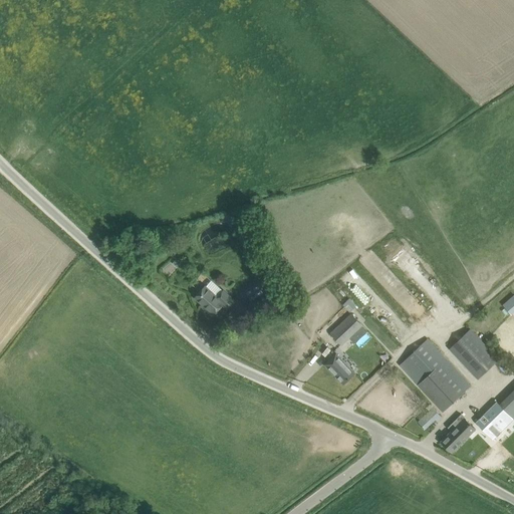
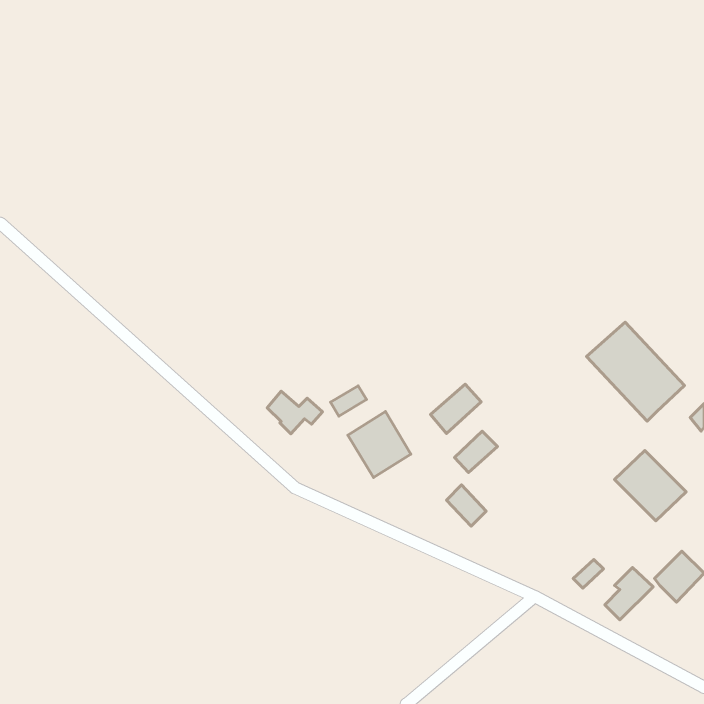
building: none -> [431,384,481,434]
building: none -> [348,412,411,478]
building: [400,339,471,412] -> [587,322,684,421]

